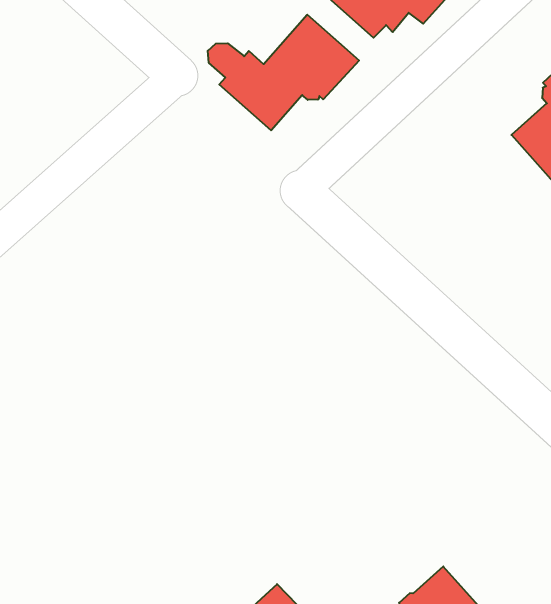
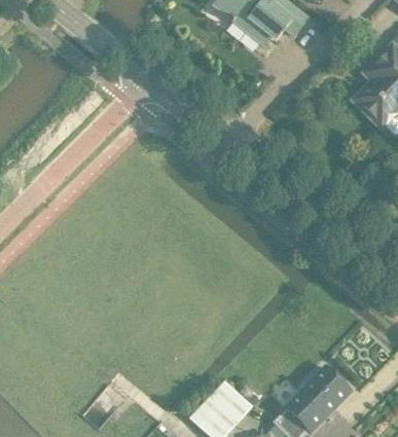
building: [208,15,359,130] -> none

